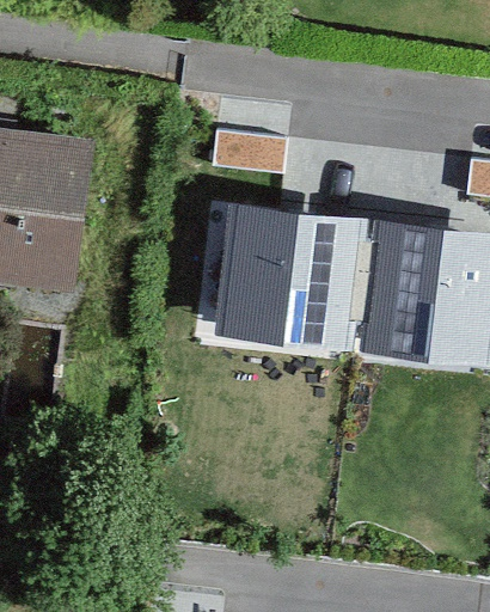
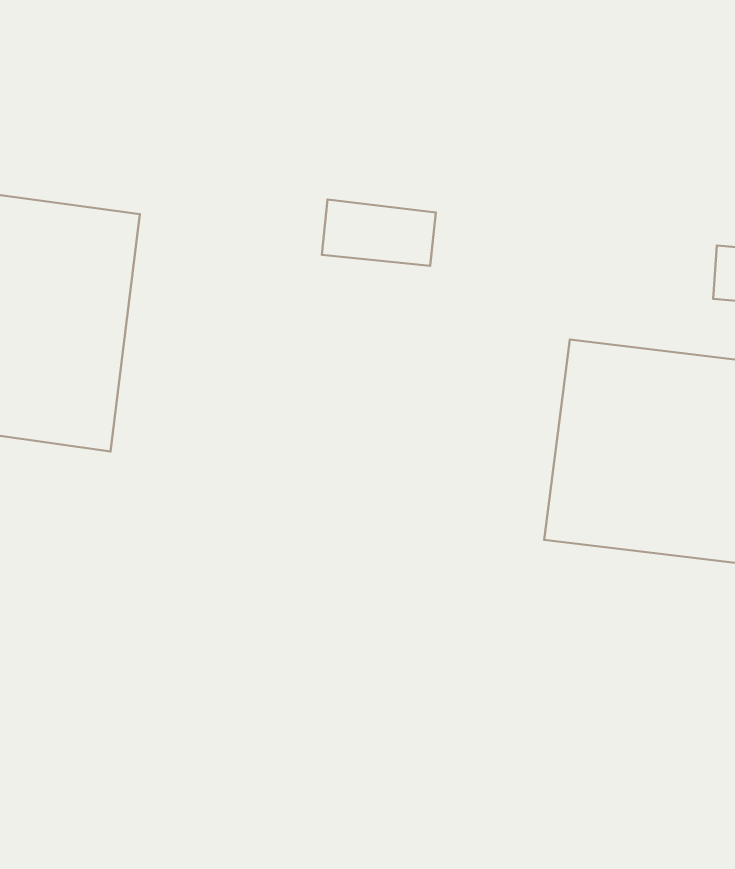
building: [210,203,366,351] -> none

